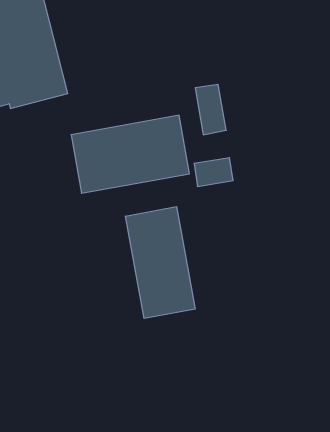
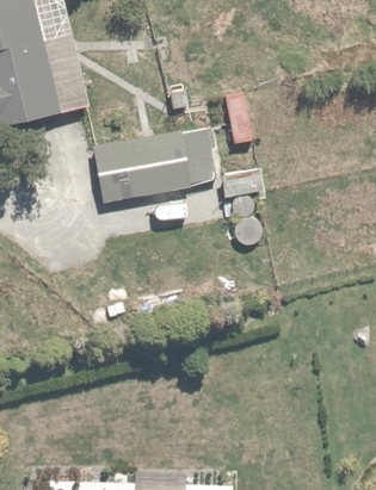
building: [126,207,195,318] -> none

